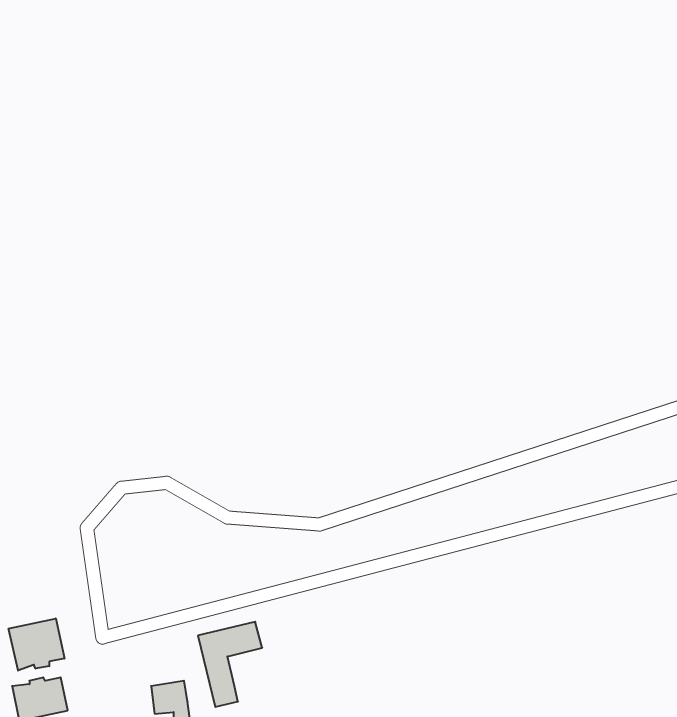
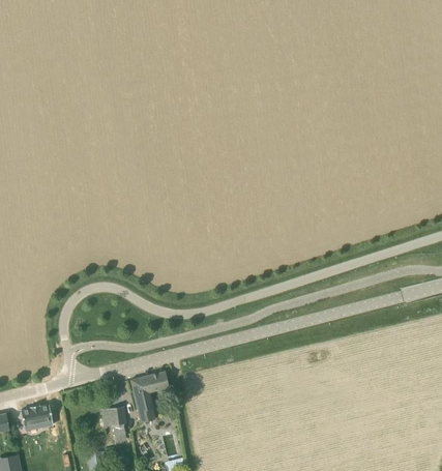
building: [9,618,64,671] -> none

